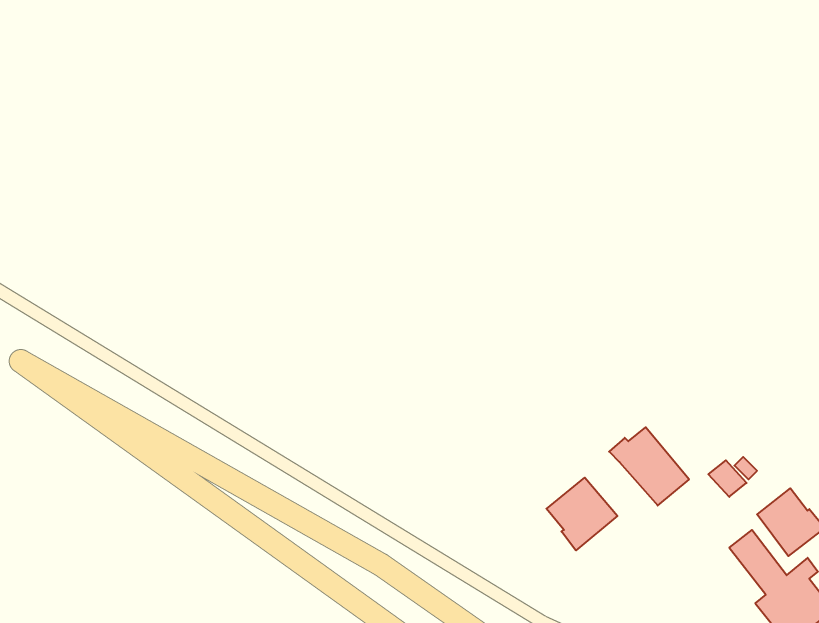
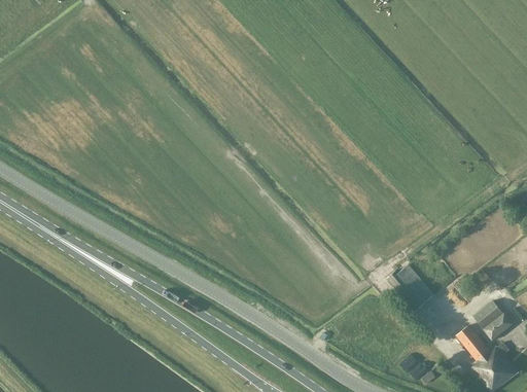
building: [546,478,617,550] -> none

